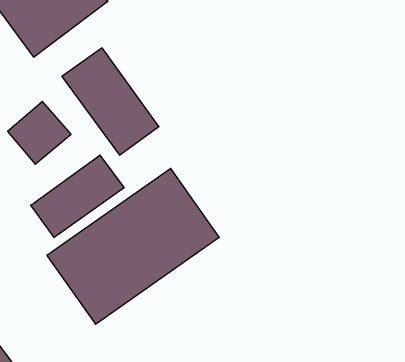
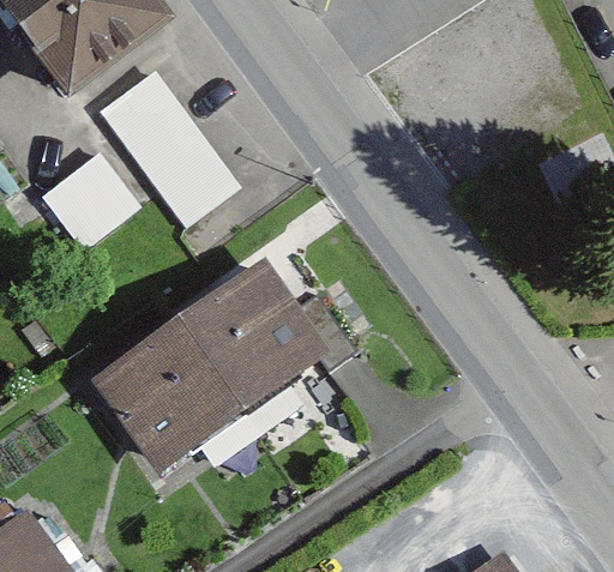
building: [31,155,124,238] -> none

